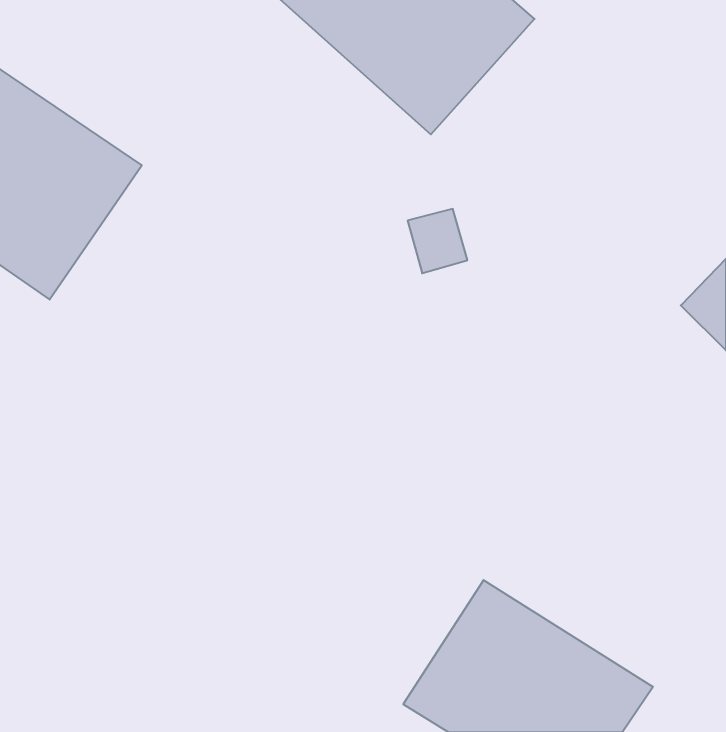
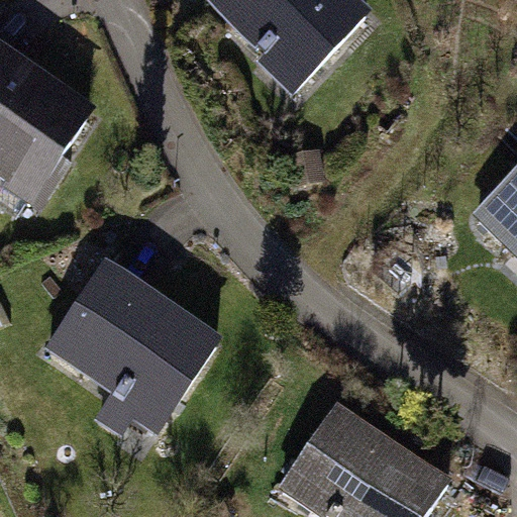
building: none -> [45,258,223,452]

